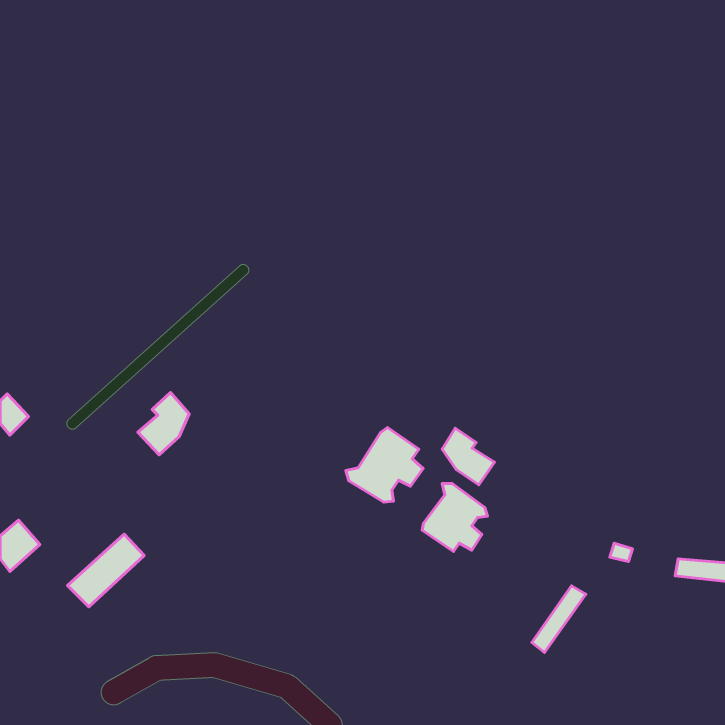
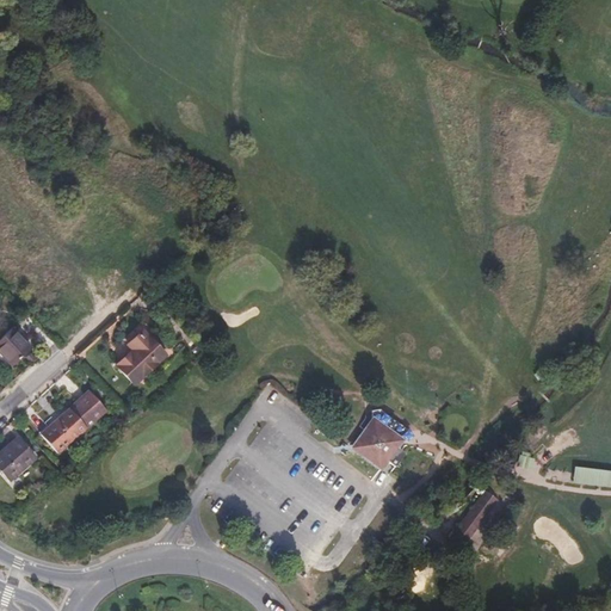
building: [346,428,423,502] -> none
building: [442,428,494,485] -> none
building: [67,534,144,607] -> [41,391,105,452]

